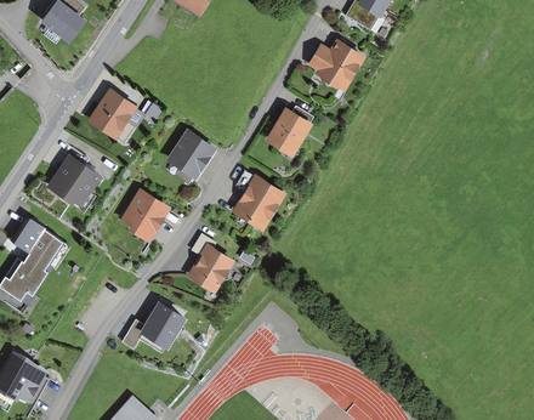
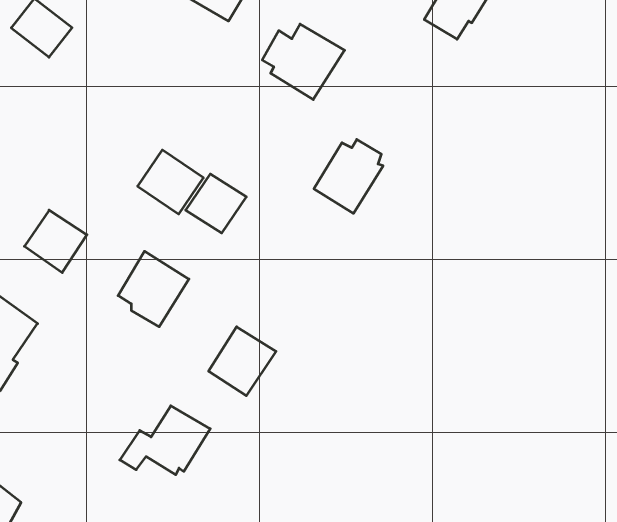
building: [307,38,368,93] -> [262,24,345,100]
building: [91,91,140,138] -> [138,150,203,214]
building: [231,174,286,232] -> none

